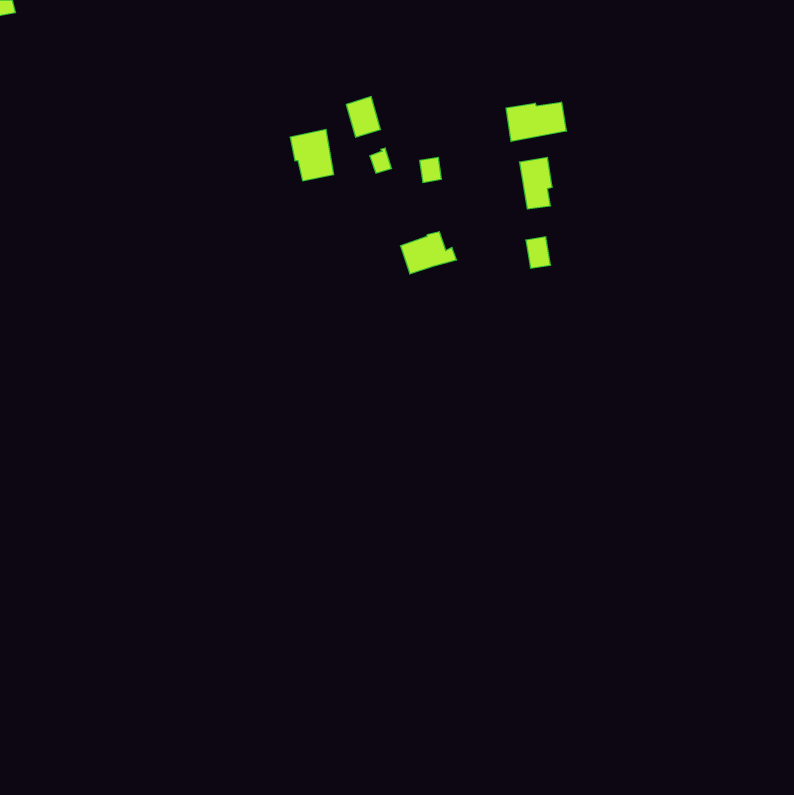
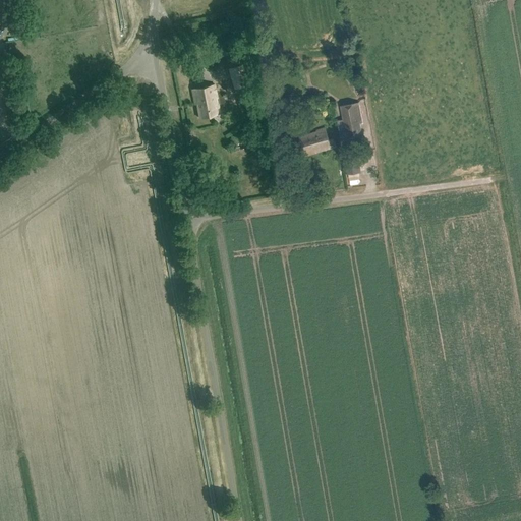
building: [506,102,566,142] -> none
building: [400,232,457,274] -> [297,129,334,157]

